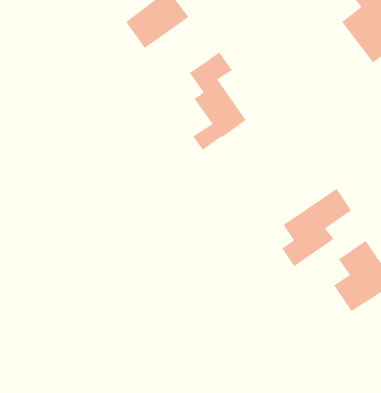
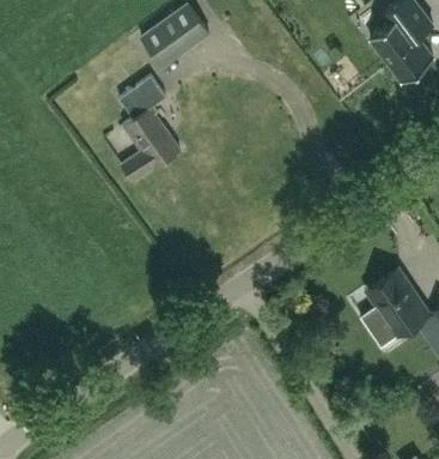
building: [189,51,247,151] -> [120,78,181,183]
building: [281,188,352,267] -> none

